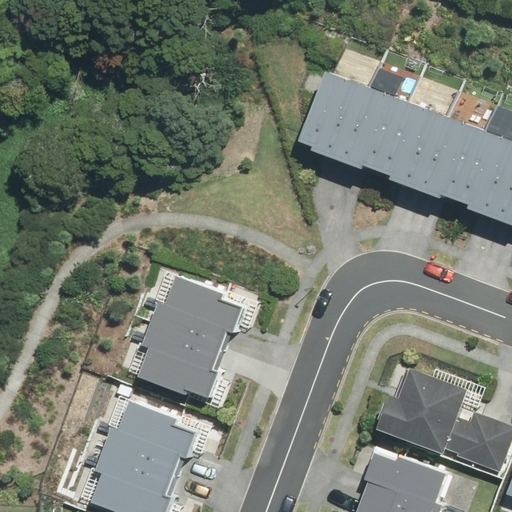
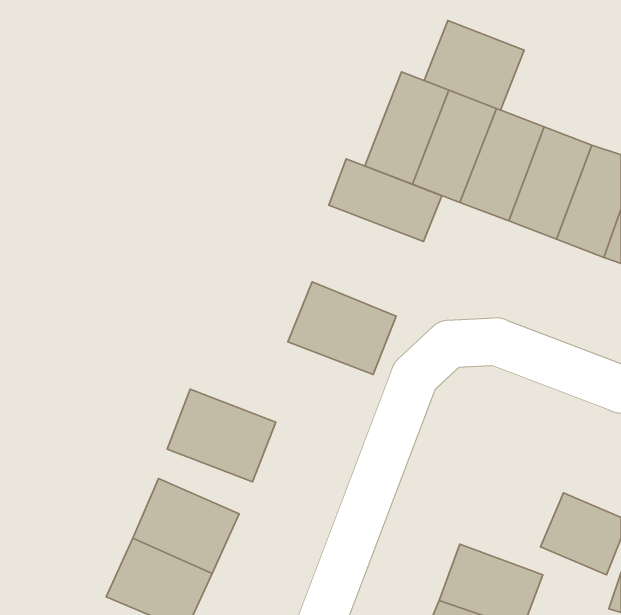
building: none -> [424,20,524,110]
building: none -> [329,159,442,242]
building: [156,277,245,353] -> [288,282,396,375]
building: [372,373,466,468] -> none

